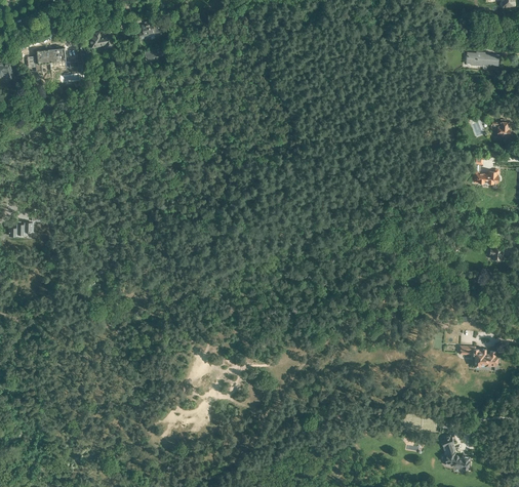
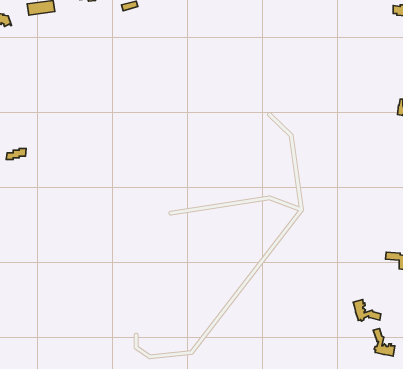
building: none -> [353,300,381,321]

